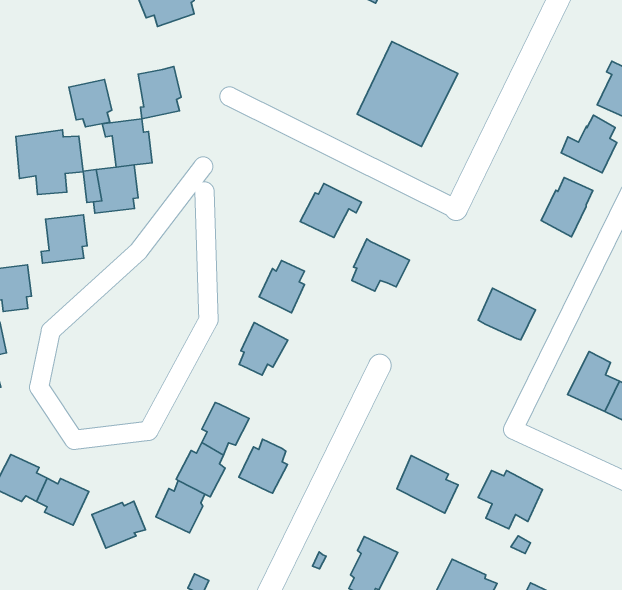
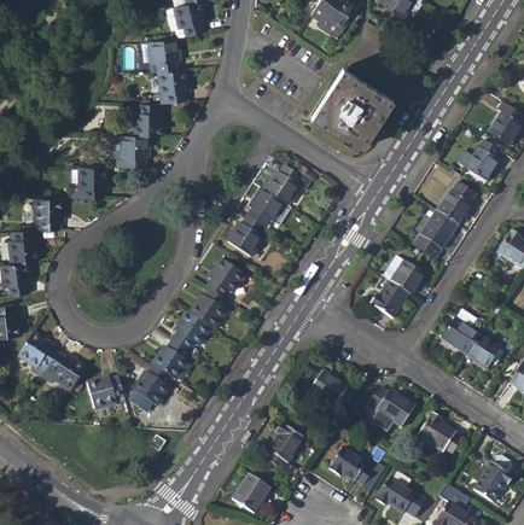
building: [69,79,112,127] -> [151,36,180,69]
building: [16,130,83,194] -> none
building: none -> [413,210,458,259]
building: [352,239,410,291] -> [246,187,290,226]
building: none -> [369,280,409,317]
building: [239,439,288,493] -> [188,288,225,328]
building: none -> [418,412,461,454]

